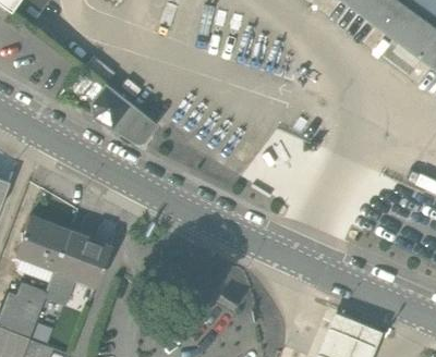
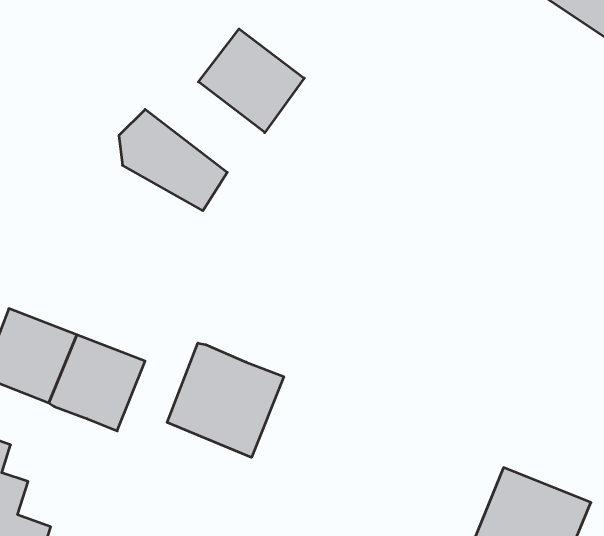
building: none -> [198,29,304,133]
building: none -> [167,343,284,457]
building: [46,272,77,310] -> none

